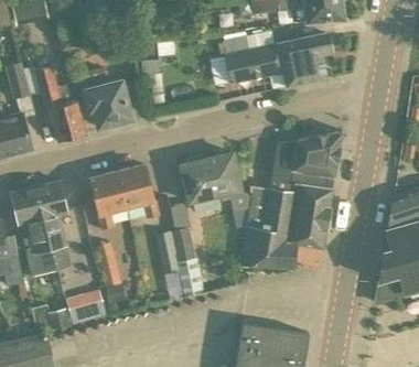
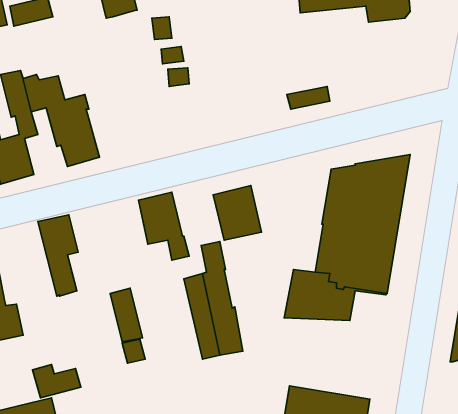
building: [224,32,330,85] -> none
building: [71,66,130,126] -> none
building: [210,152,269,228] -> none
building: [92,169,125,230] -> none
building: [11,186,56,276] -> none
building: [65,292,106,324] -> none

